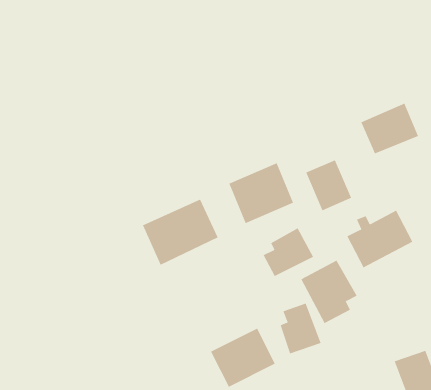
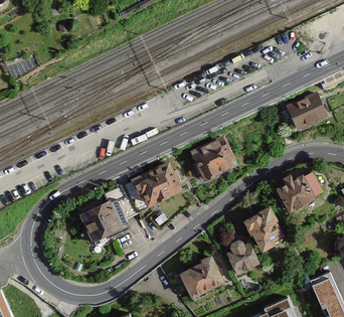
building: [305,159,352,211] -> none
building: [263,228,314,277] -> none
building: none -> [78,195,129,241]

